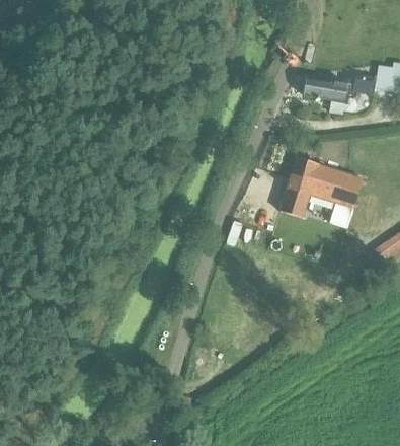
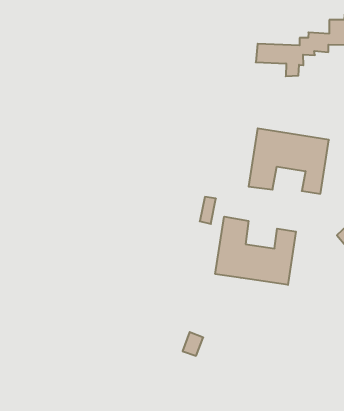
building: none -> [215,217,296,285]

